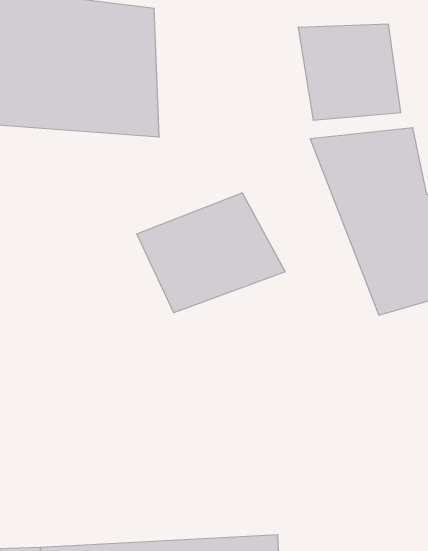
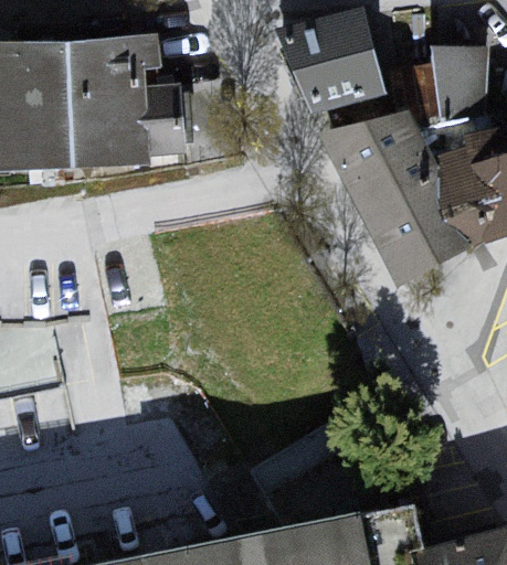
building: [137,193,285,313] -> none

